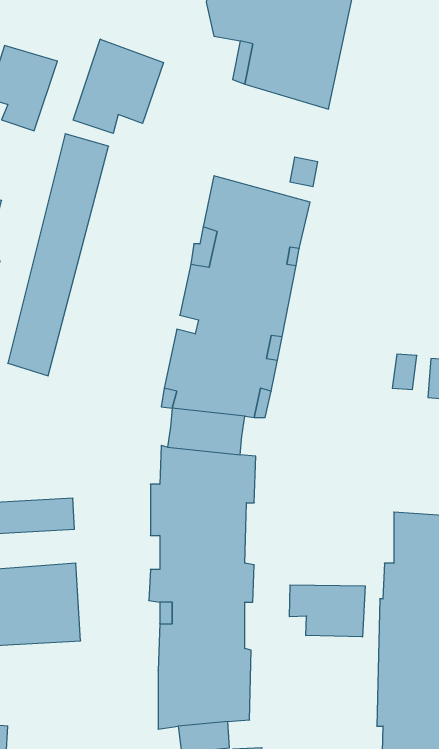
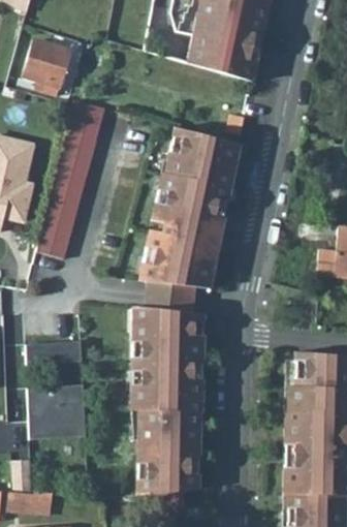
building: [73,39,163,133] -> none
building: [290,585,365,637] -> none

